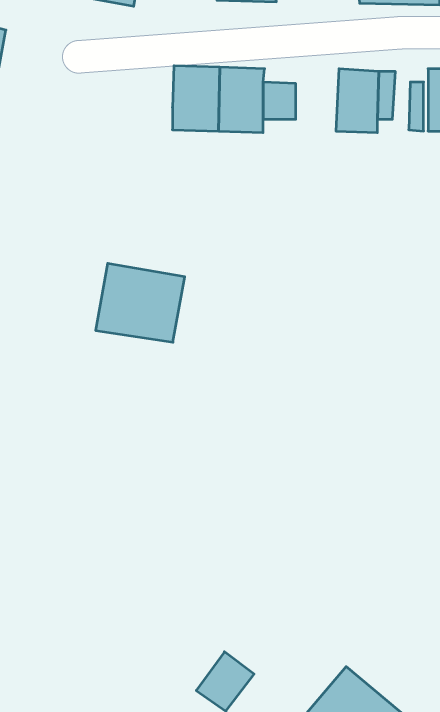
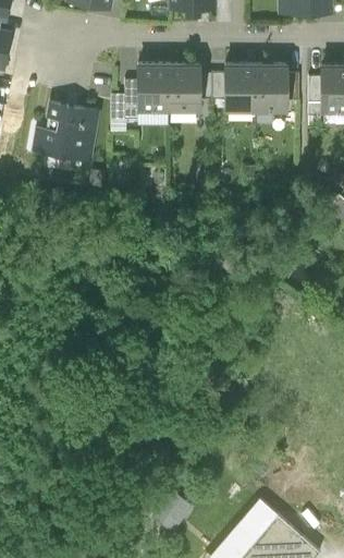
building: none -> [224,62,257,109]
building: none -> [110,90,135,123]
building: [96,263,185,342] -> [34,101,99,159]

